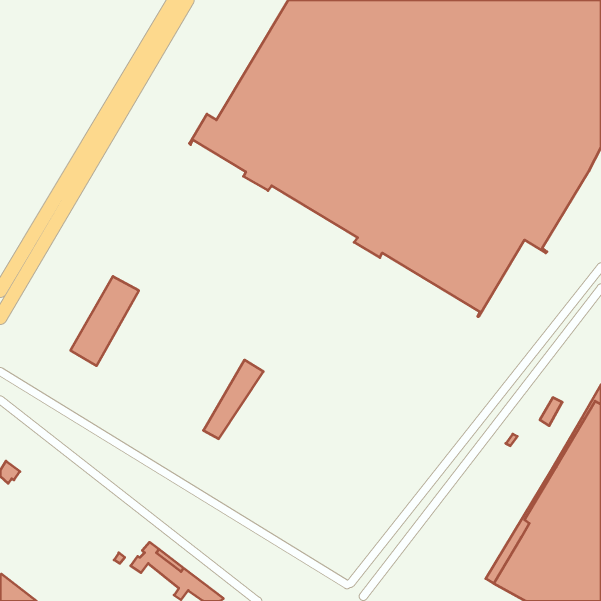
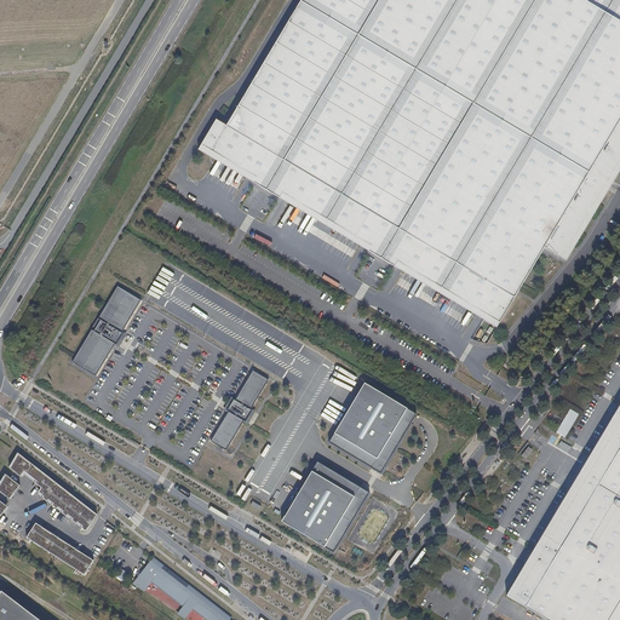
building: none -> [329,380,415,469]
building: none -> [10,454,97,532]
building: none -> [281,460,371,549]
building: none -> [27,523,93,575]

